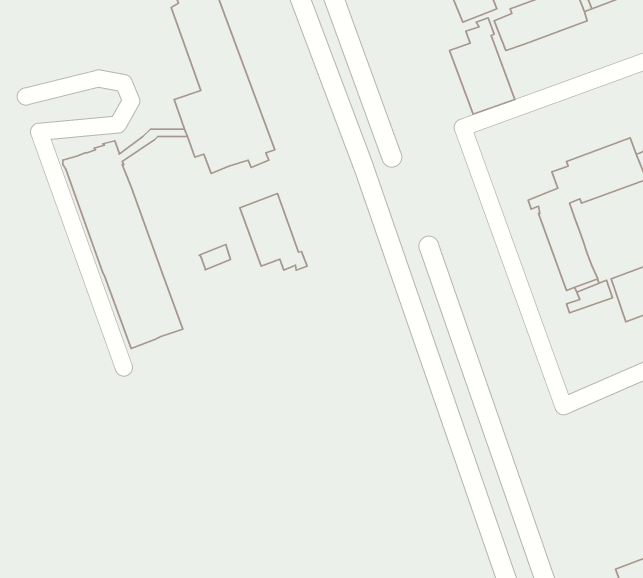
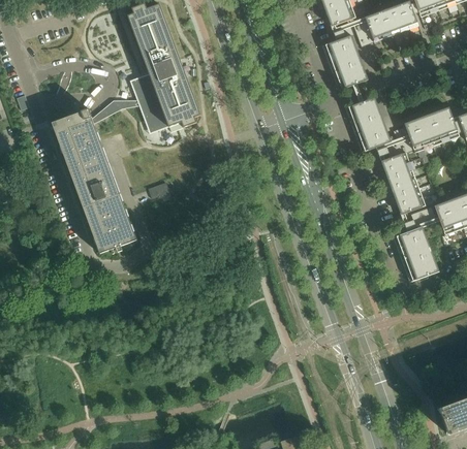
building: none -> [345,97,391,153]
building: [240,194,307,270] -> none
building: none -> [394,227,439,282]

